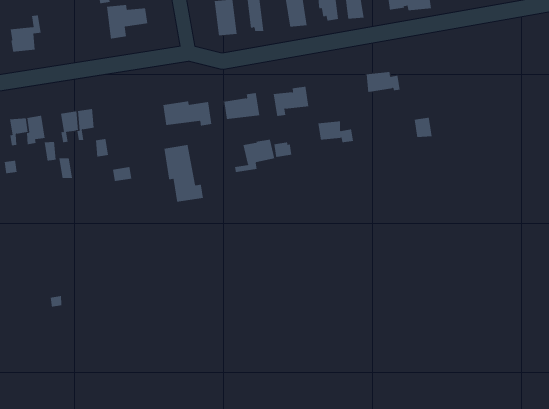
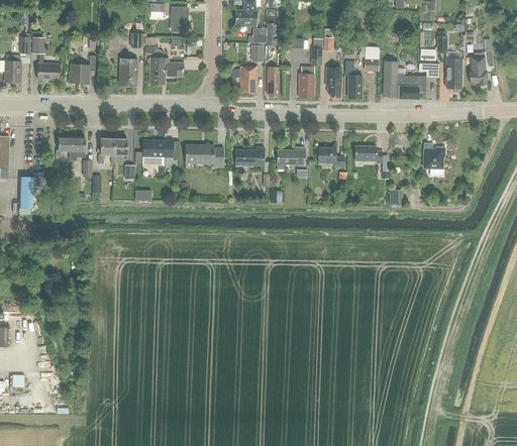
building: none -> [119,59,138,86]
building: none -> [423,142,445,175]
building: none -> [142,138,173,164]
building: [318,121,354,143] -> [317,147,344,166]
building: [235,139,275,173] -> none
building: [164,144,204,203] -> none

